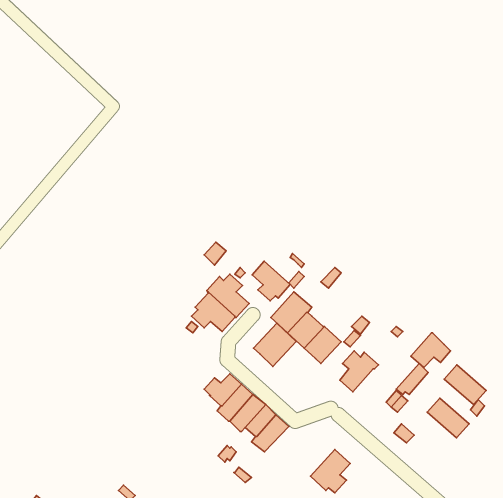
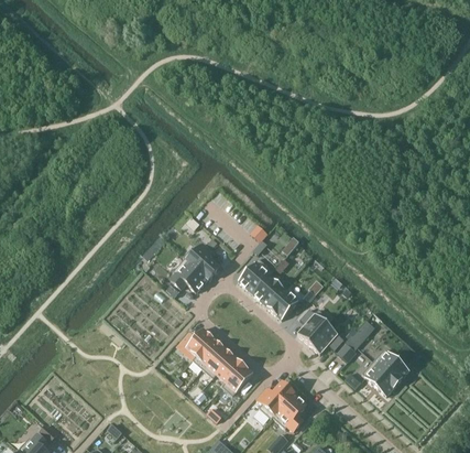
building: [252,261,290,301] -> none
building: [254,323,296,367] -> none
building: [411,333,451,368] -> [309,323,343,353]
building: [444,365,486,405] -> [362,360,398,395]
building: none -> [258,381,295,418]

